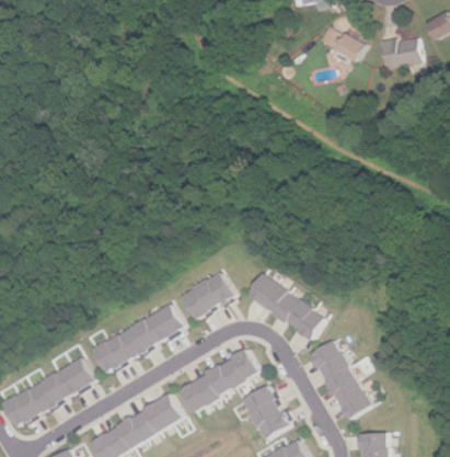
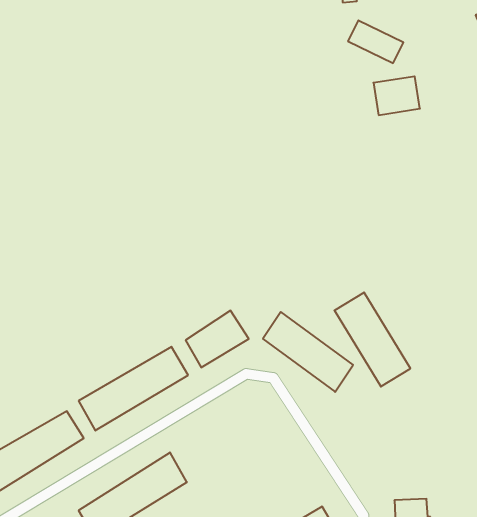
building: [381,35,420,68] -> [373,76,420,115]
building: [305,340,370,420] -> [334,292,410,387]
building: [177,349,257,413] -> none
building: [241,385,288,439] -> none

